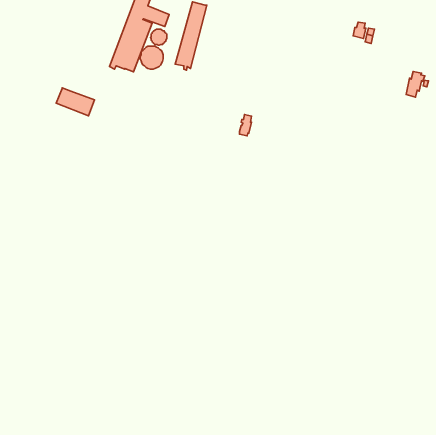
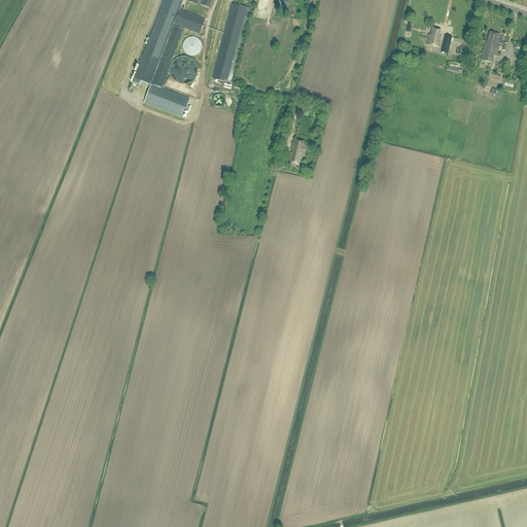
building: [406,71,428,97] -> [480,31,506,62]
building: [56,88,95,116] -> [143,82,189,116]

